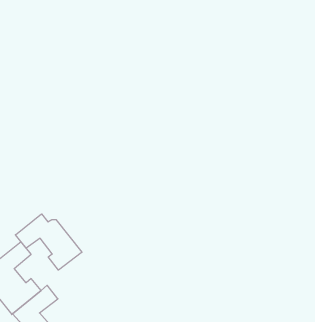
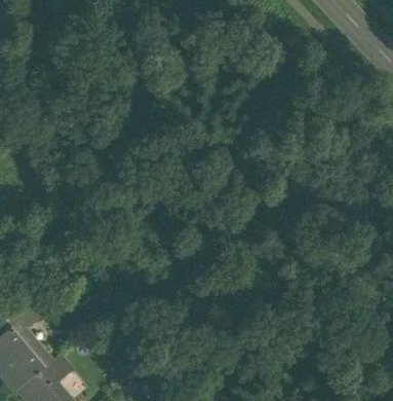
building: [15,214,82,270] -> none

